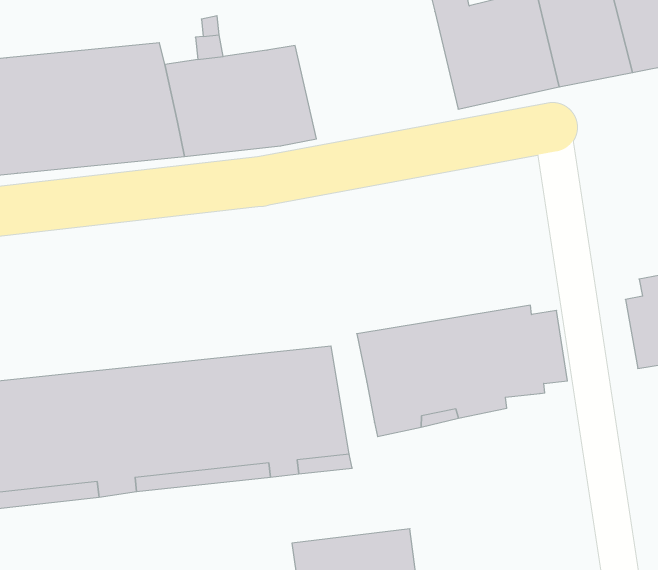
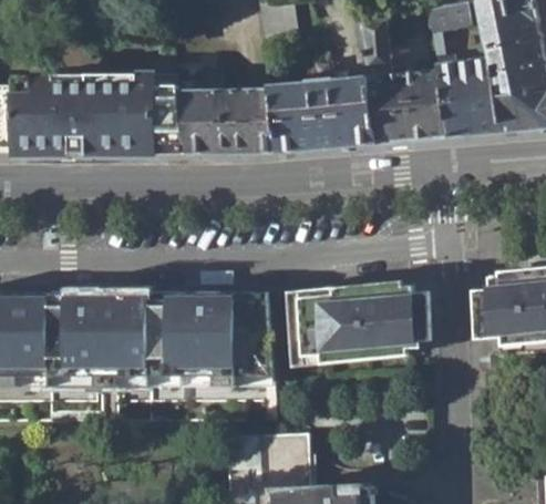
building: none -> [266,71,374,154]

